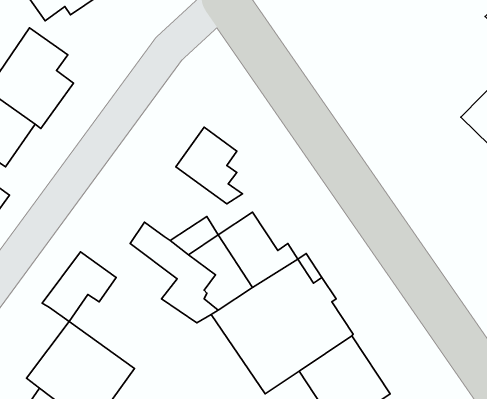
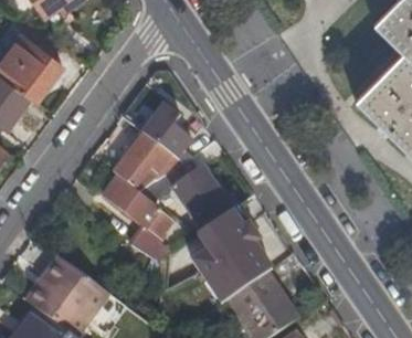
building: [42,252,116,322] -> [110,136,168,190]

